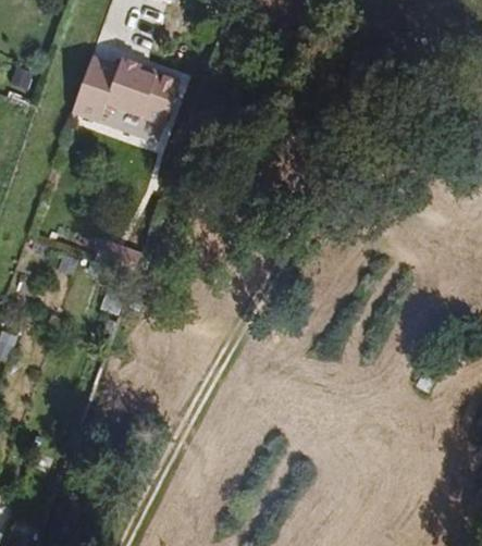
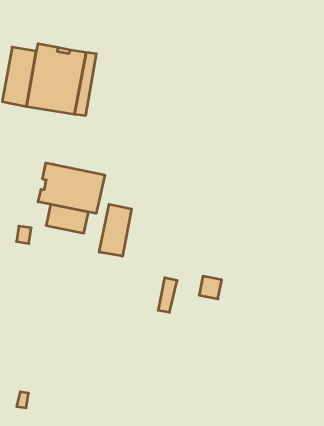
building: none -> [38,163,105,213]
building: none -> [99,204,132,256]

